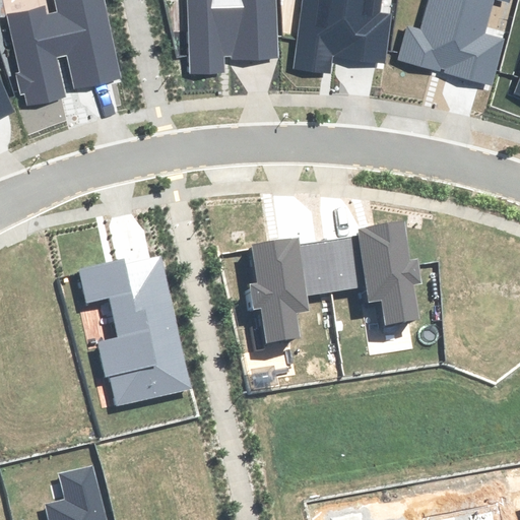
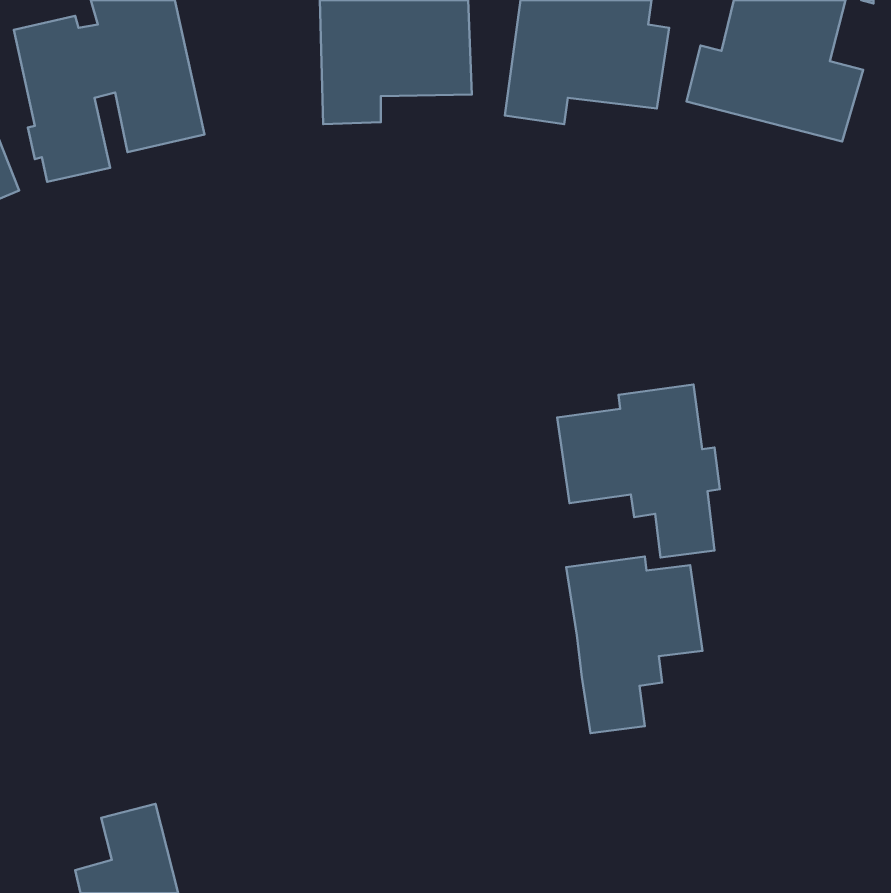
building: [252,238,331,340] -> [566,557,702,733]
building: [79,255,191,405] -> none

